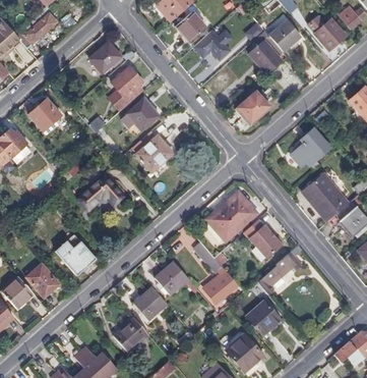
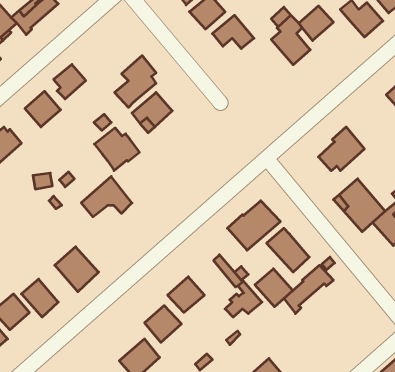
building: [93,42,121,72] -> [54,64,86,99]
building: [236,87,276,122] -> none
building: [133,130,173,168] -> [94,128,139,171]
building: [246,301,280,334] -> [255,269,293,307]

